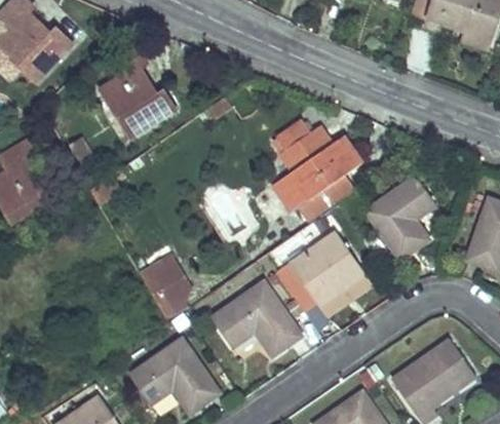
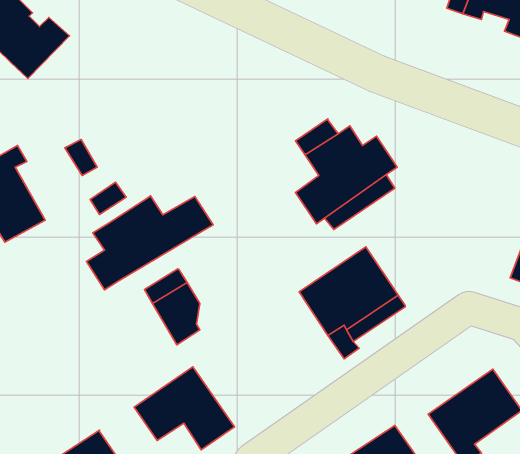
building: [100,47,175,136] -> none
building: [364,175,436,259] -> none
building: none -> [86,196,213,290]
building: [210,281,301,354] -> none

